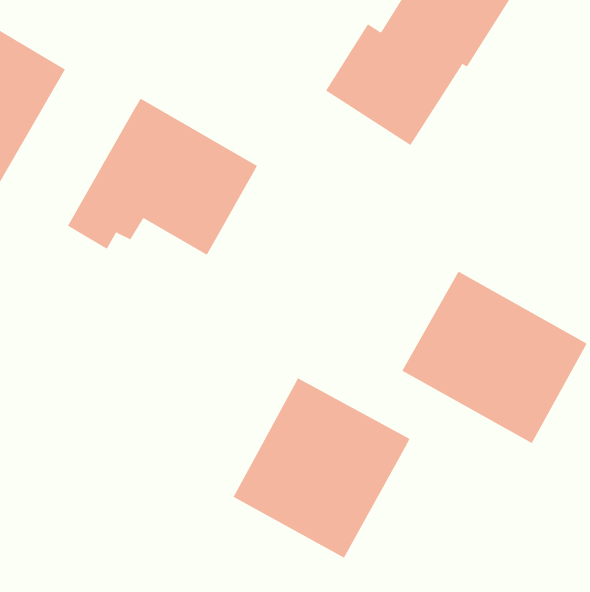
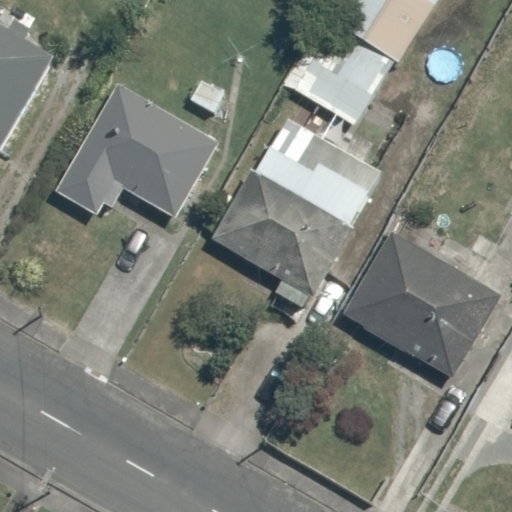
building: none -> [214,121,378,306]
building: [233,378,410,558] -> none

